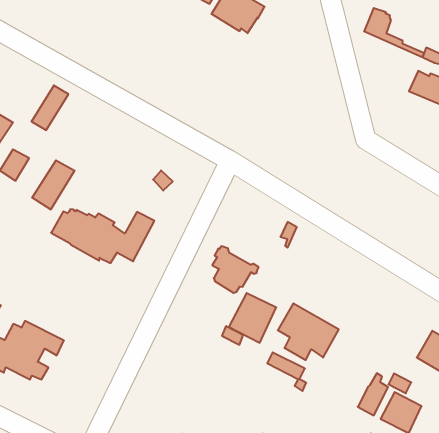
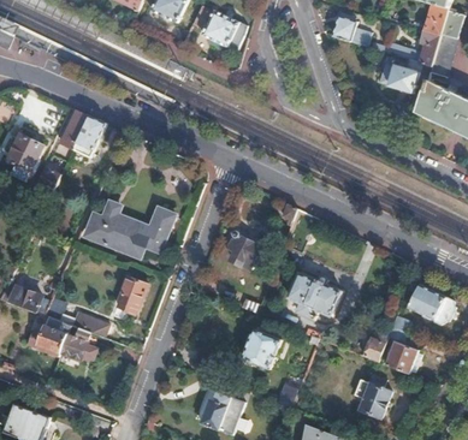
building: [32,160,75,209] -> [71,115,105,157]
building: none -> [111,278,146,320]
building: [229,293,276,343] -> [241,329,279,370]

